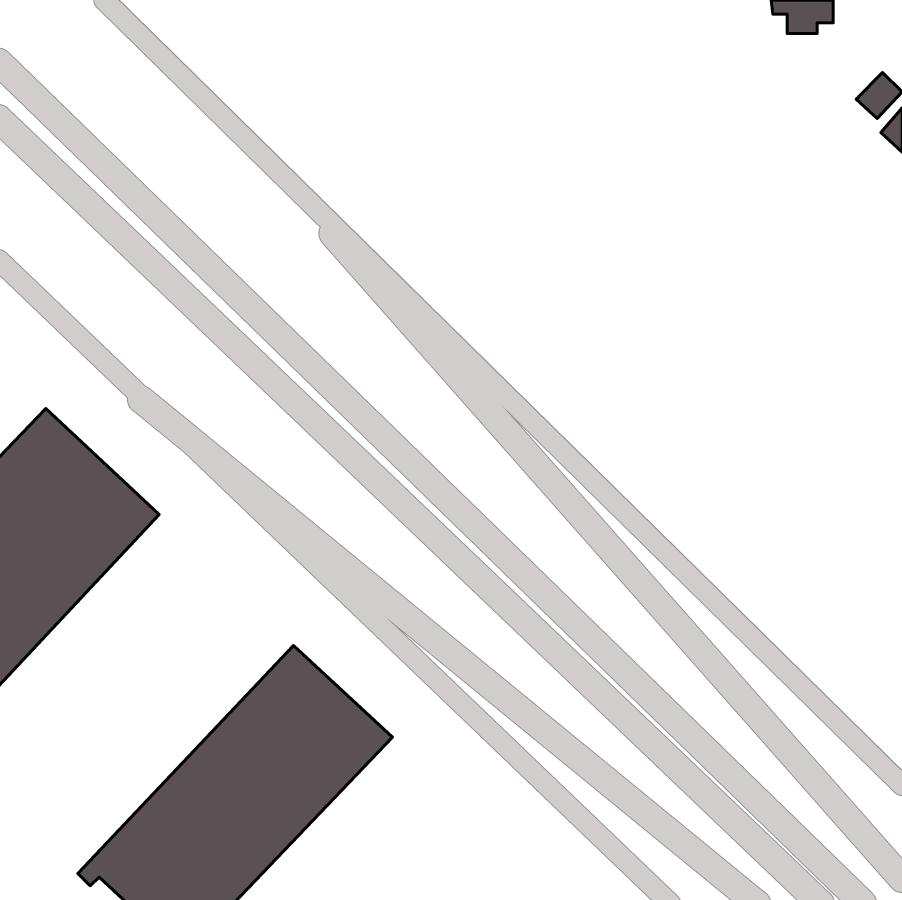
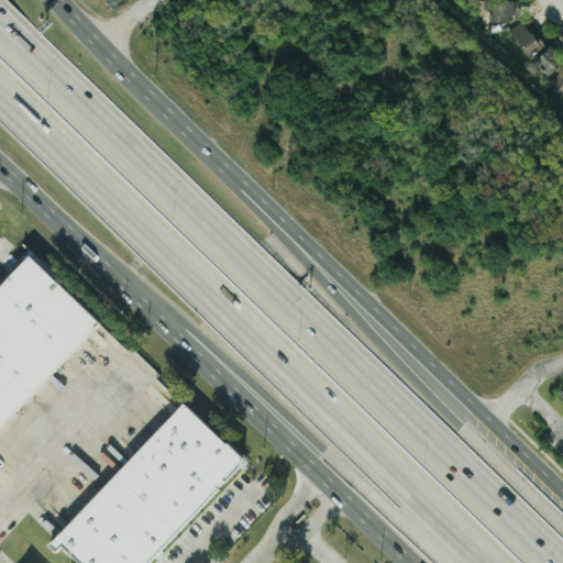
building: none -> [507,20,542,58]

